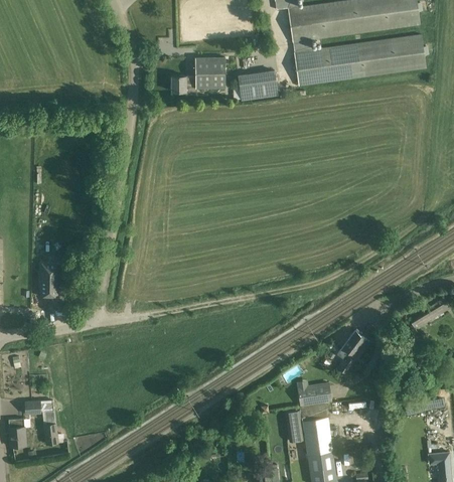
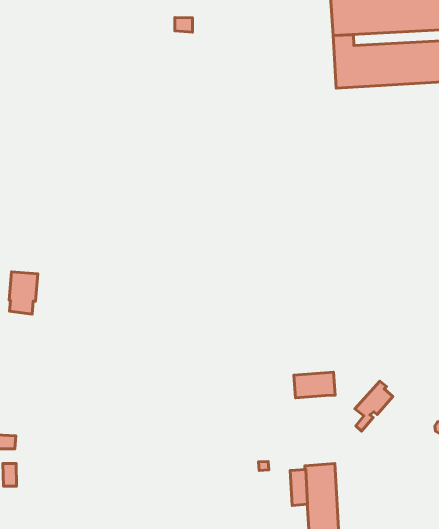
building: [171,57,224,91] -> none
building: [239,70,278,100] -> none
building: [296,381,332,406] -> [294,372,335,398]

